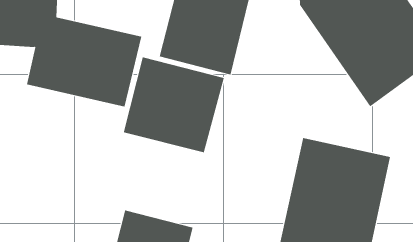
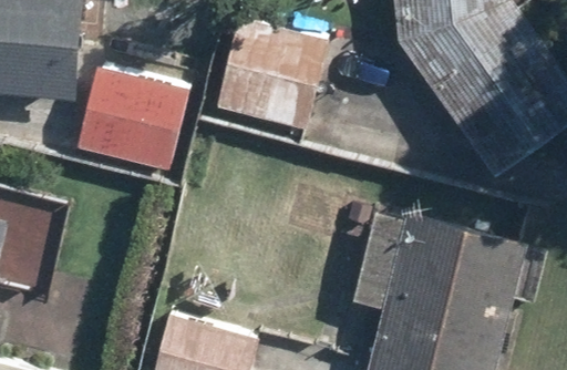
building: [123,56,225,153] -> none

